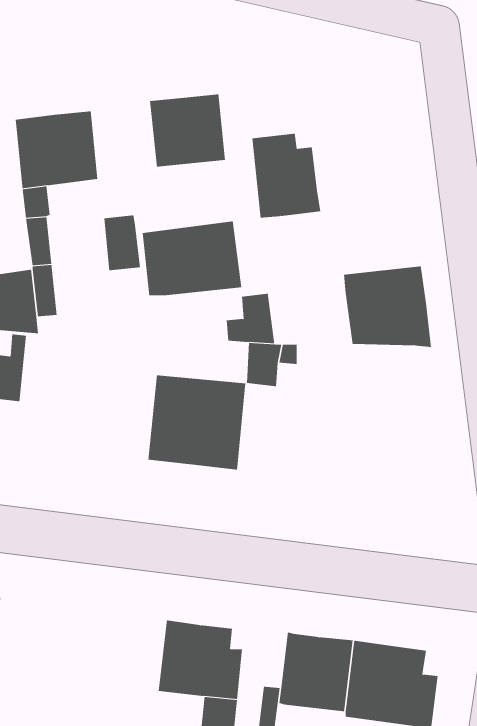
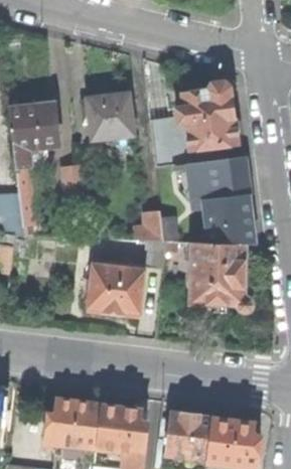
building: none -> [181,88,237,151]
building: [142,221,242,296] -> [190,156,250,200]
building: none -> [190,242,254,312]
building: none -> [42,399,99,447]

